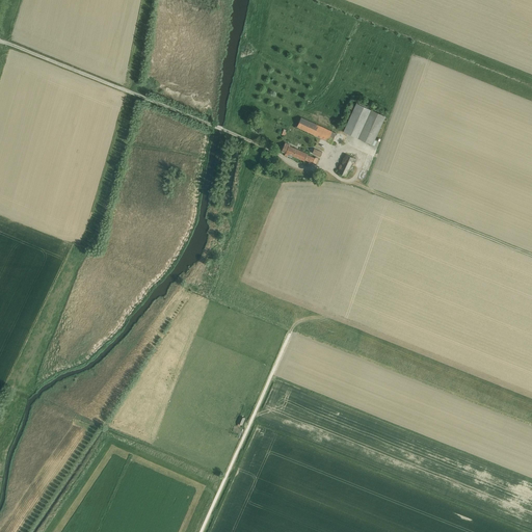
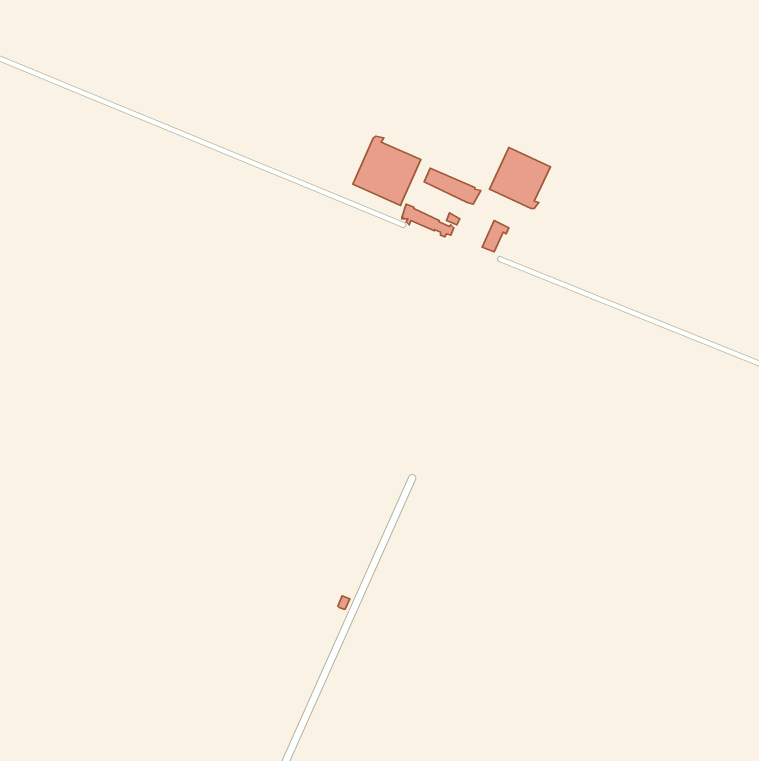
building: none -> [353,136,421,205]

